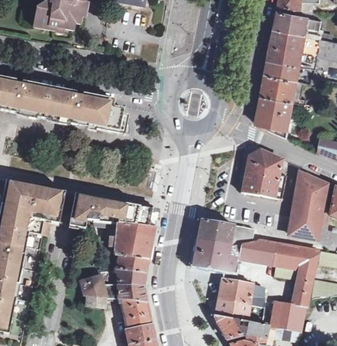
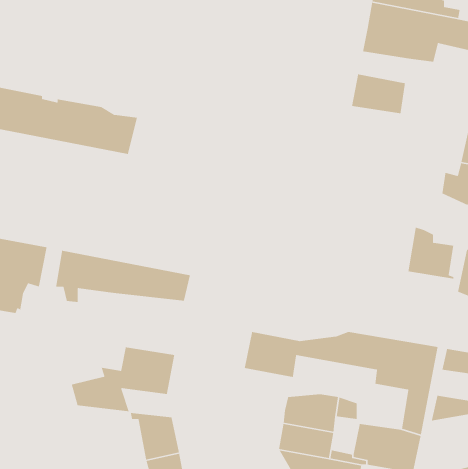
building: [265,63,299,83] -> none
building: [255,98,293,139] -> none
building: [242,152,288,202] -> none
building: [292,204,327,242] -> none
building: [104,218,154,257] -> none
building: [197,220,253,248] -> none
building: [114,279,146,297] -> none

